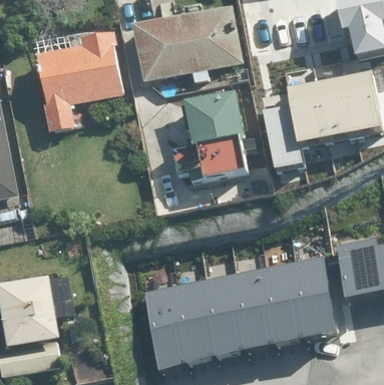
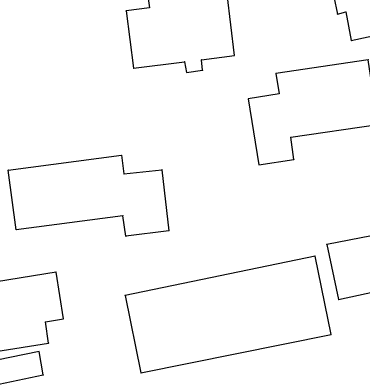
building: [42,34,127,133] -> none
building: [195,88,253,177] -> none
building: none -> [8,155,169,236]

